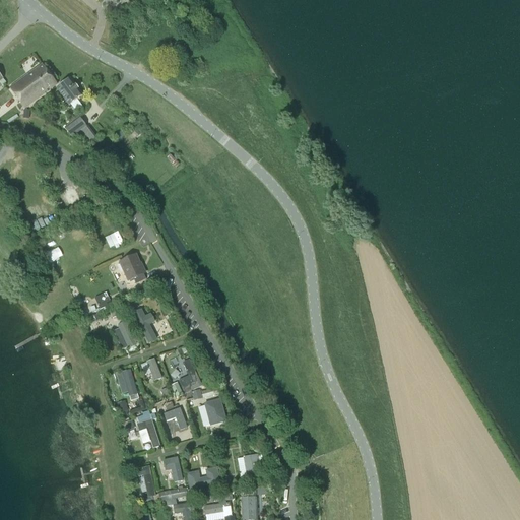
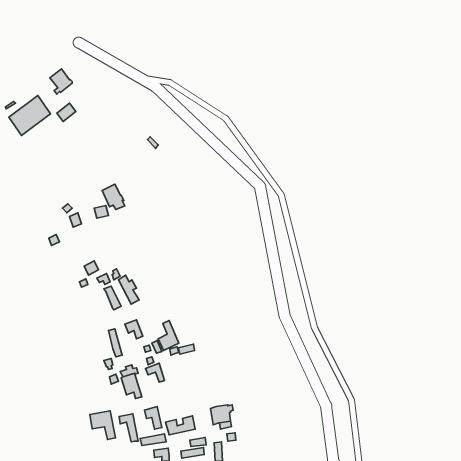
building: [9,63,56,108] -> [9,96,51,135]
building: [120,254,145,282] -> [102,184,125,210]
building: [204,398,225,426] -> none
building: none -> [90,411,116,440]

